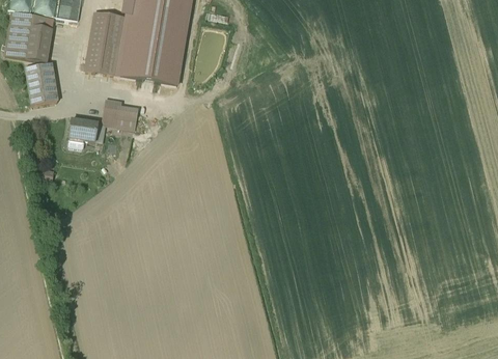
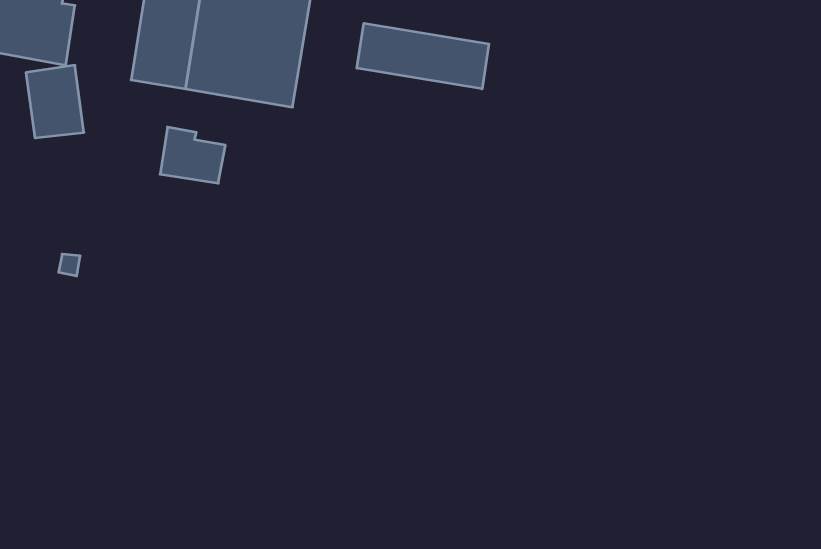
building: none -> [357,23,489,89]
building: [67,116,99,142] -> none

